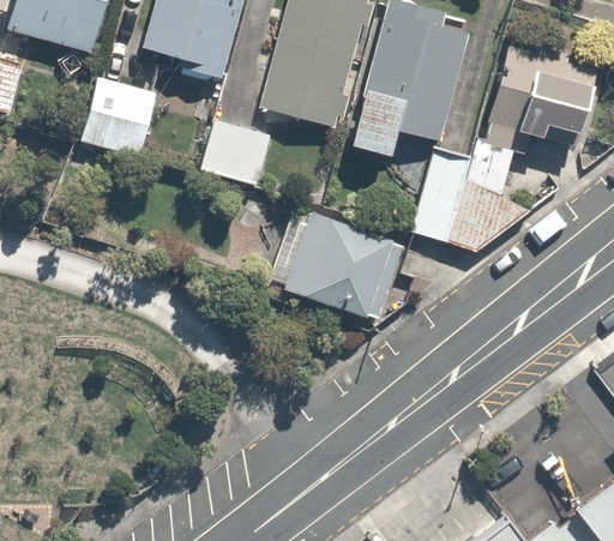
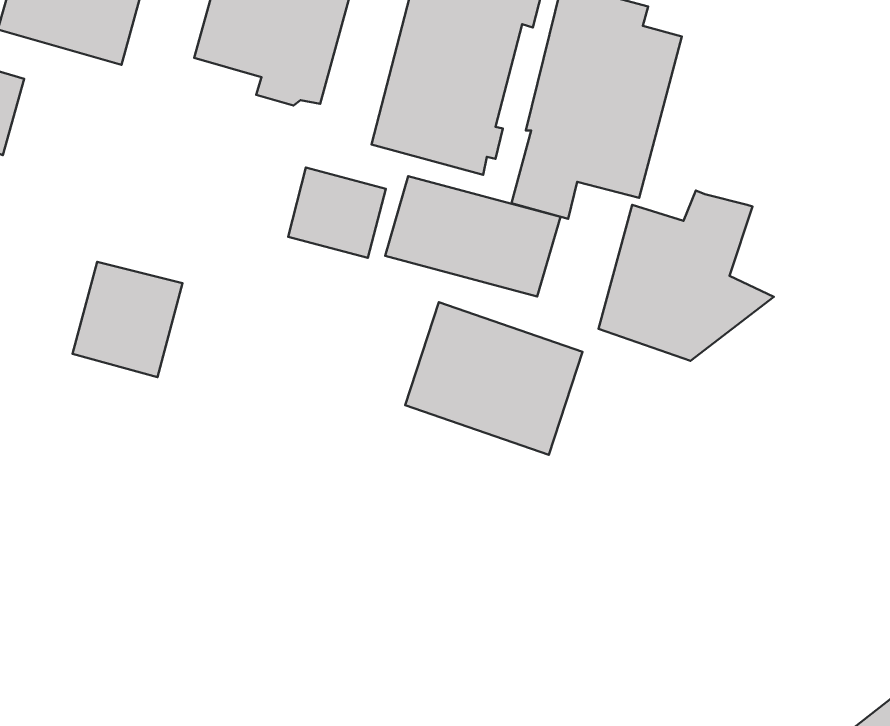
building: [484,43,598,148] -> none
building: [82,78,156,156] -> [73,262,182,377]
building: none -> [385,176,560,296]

